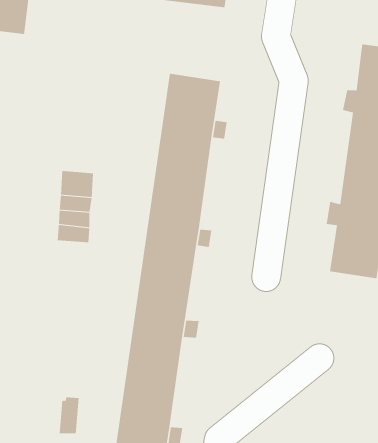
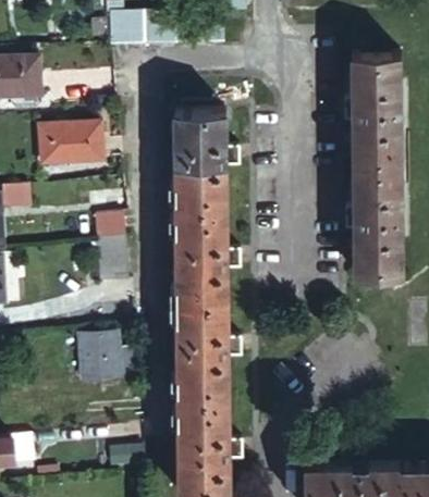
building: none -> [39,122,101,159]
building: none -> [82,333,133,380]

